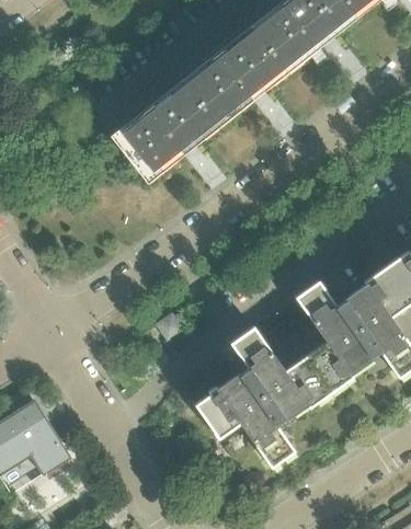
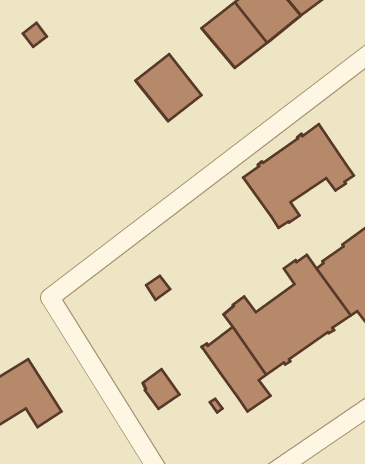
building: [182,55,251,125] -> none
building: [113,110,181,180] -> none
building: none -> [243,124,354,228]
building: [197,390,236,432] -> [143,369,179,409]

